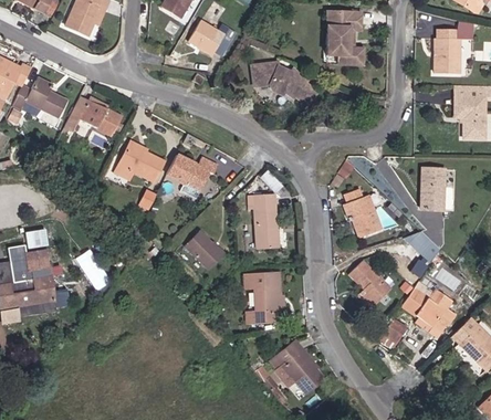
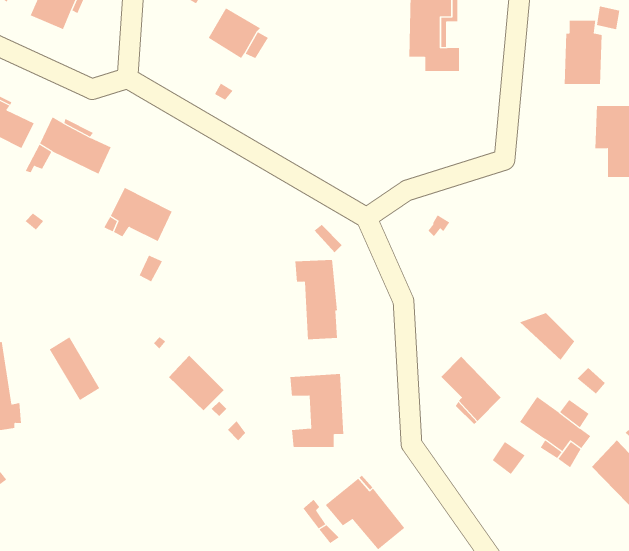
building: [251,62,317,105] -> none
building: [167,154,218,199] -> none
building: [420,167,443,210] -> none
building: [344,188,382,237] -> none
building: [185,230,223,269] -> [168,355,224,411]

